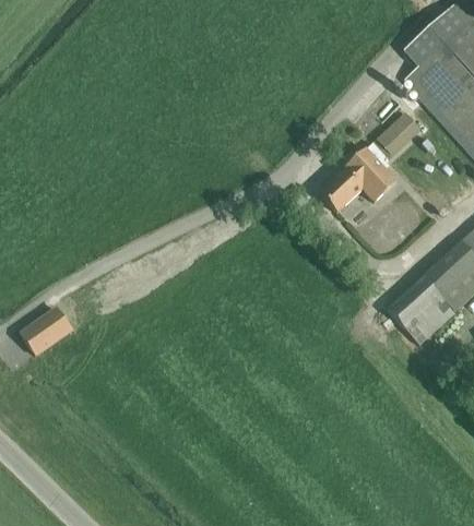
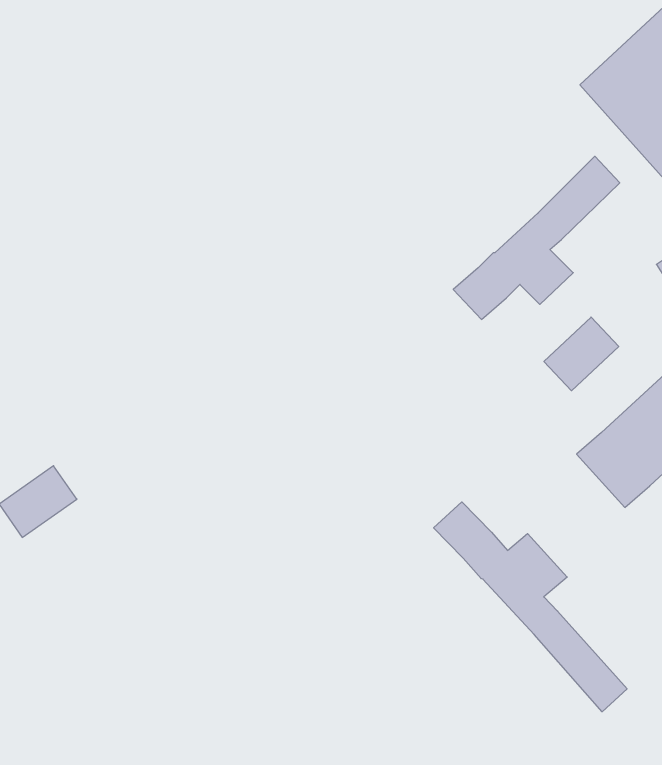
building: none -> [544,317,619,391]
building: none -> [434,502,627,712]

